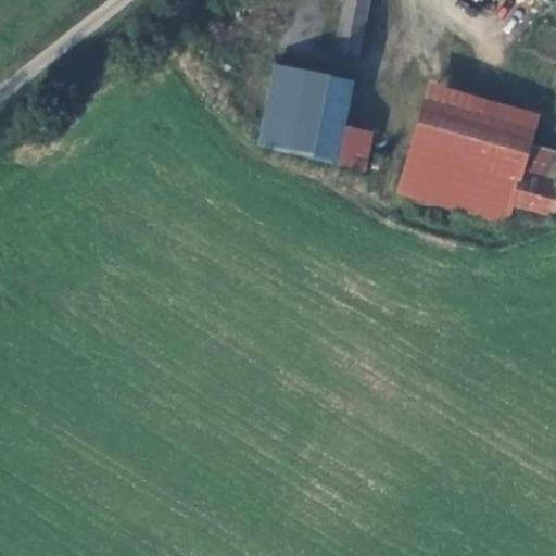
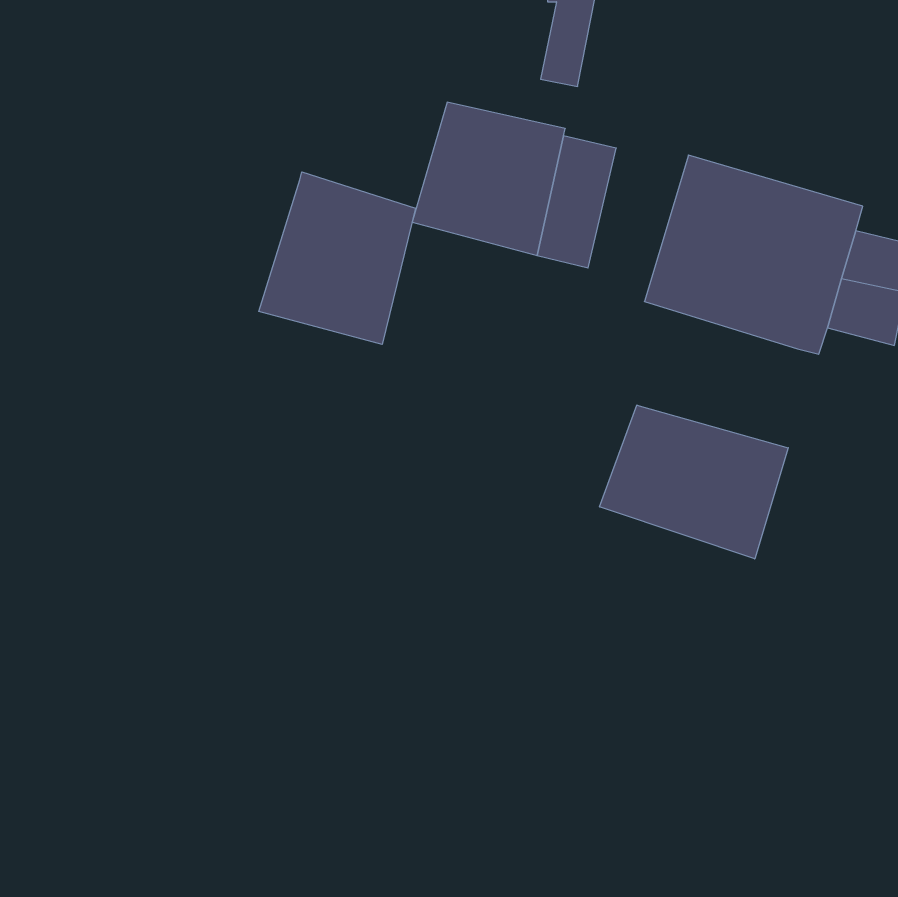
building: none -> [259,172,415,344]
building: none -> [600,405,788,559]

